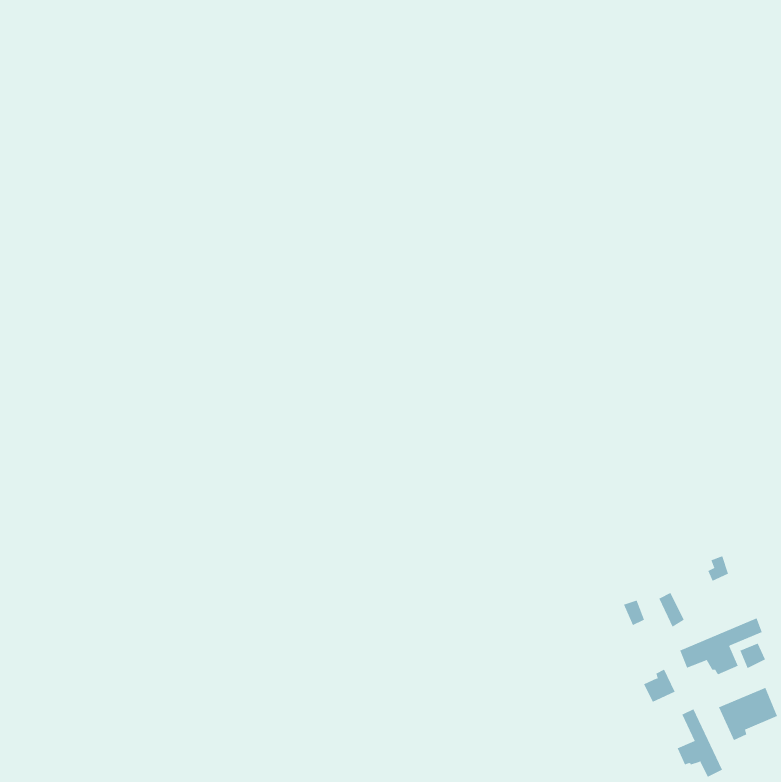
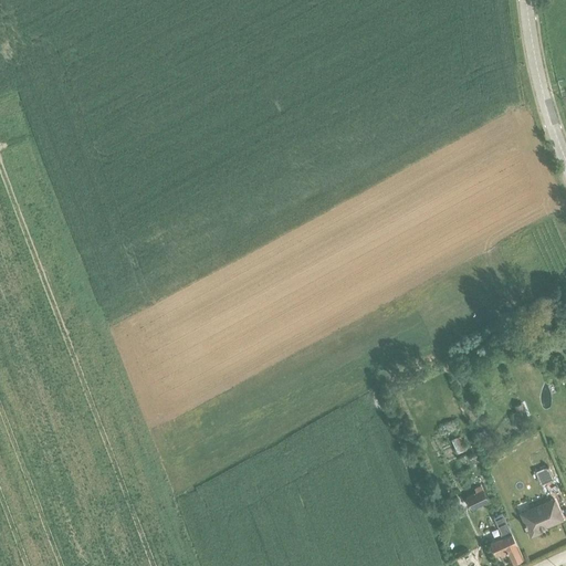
building: [679,618,763,675] -> none

